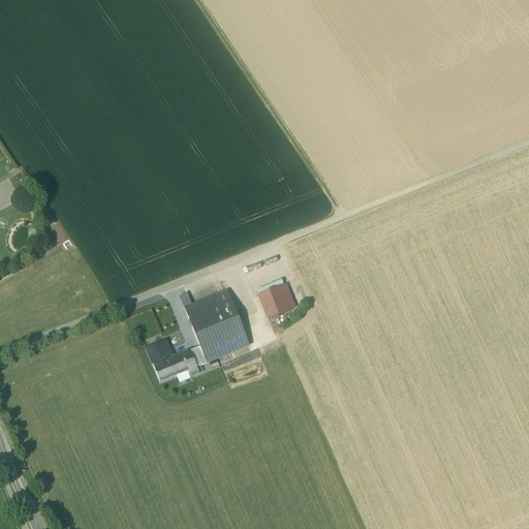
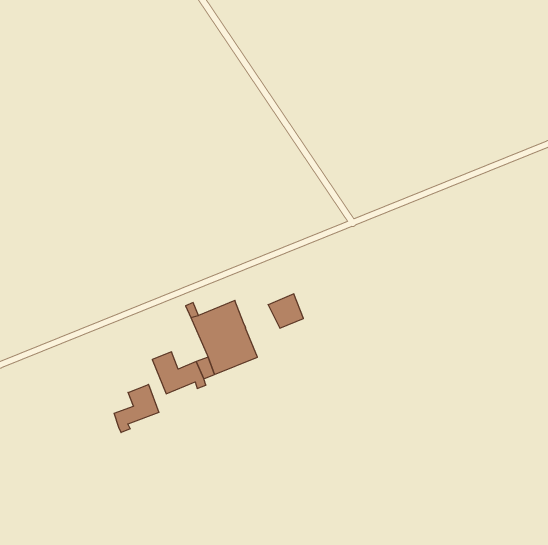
building: none -> [114,384,159,433]

